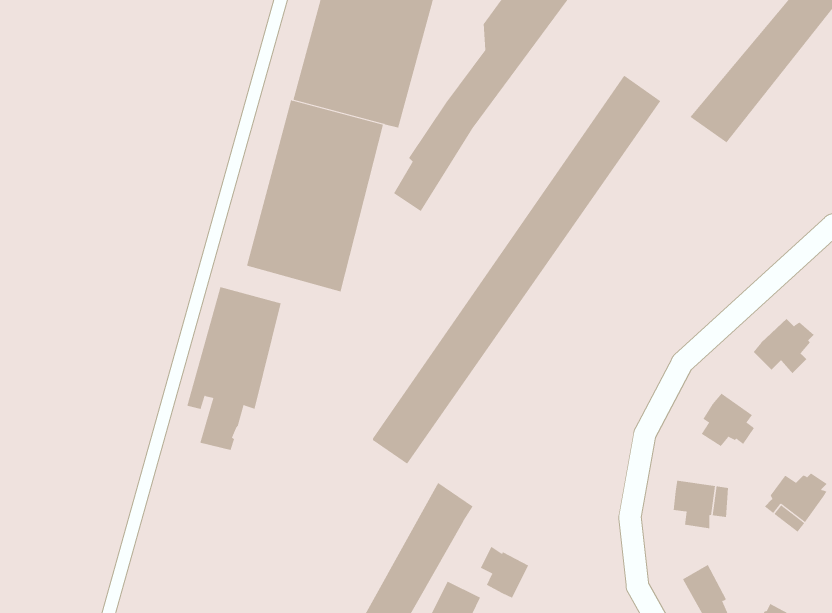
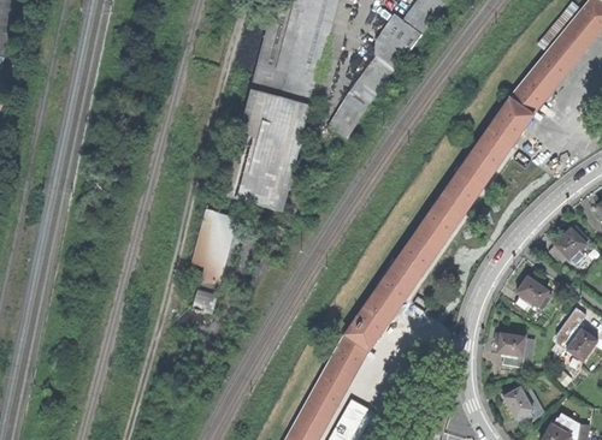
building: [372,75,661,464] -> [346,97,532,349]
building: [480,546,529,599] -> none

